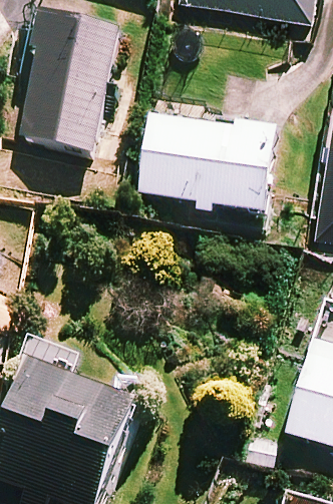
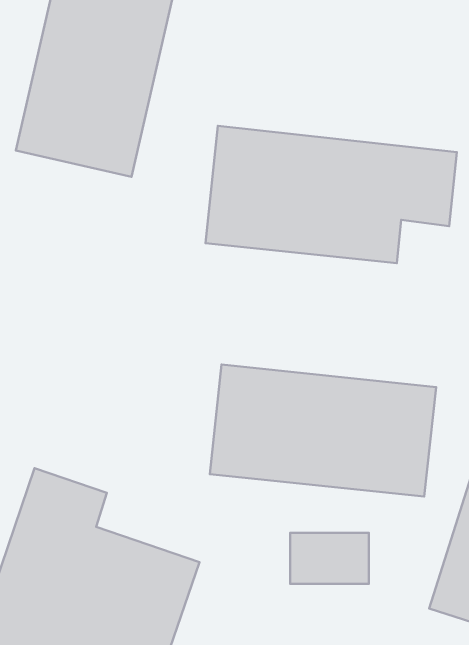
building: none -> [210,365,436,497]

